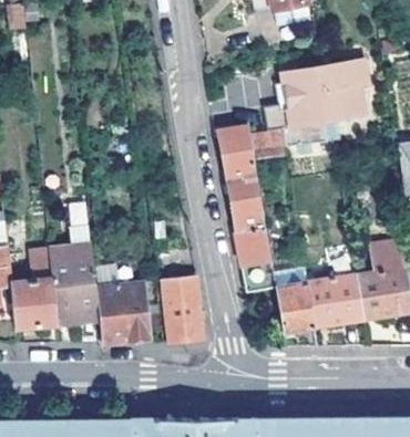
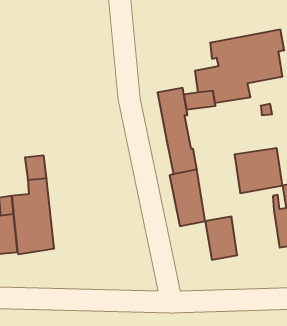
building: [307,274,363,327] -> [234,148,282,193]
building: [160,277,202,342] -> none
building: [94,283,150,342] -> none

